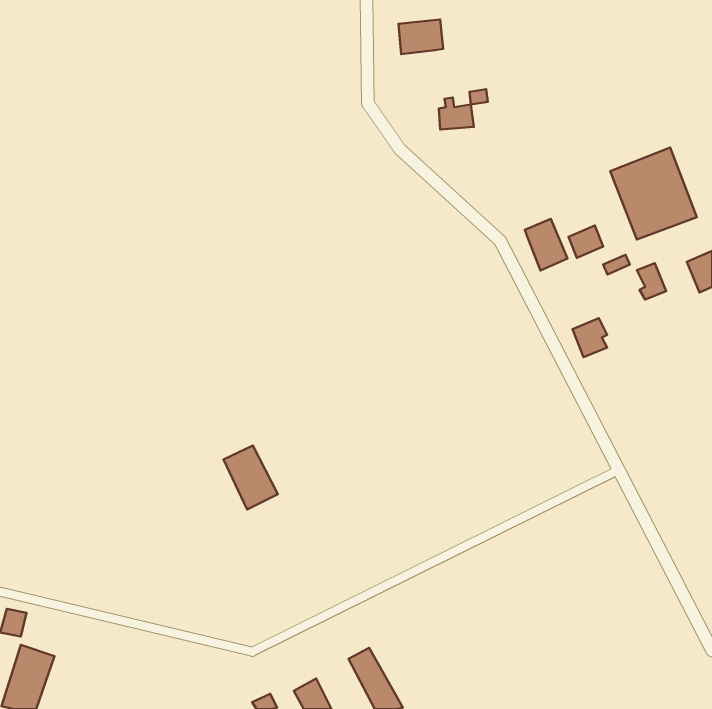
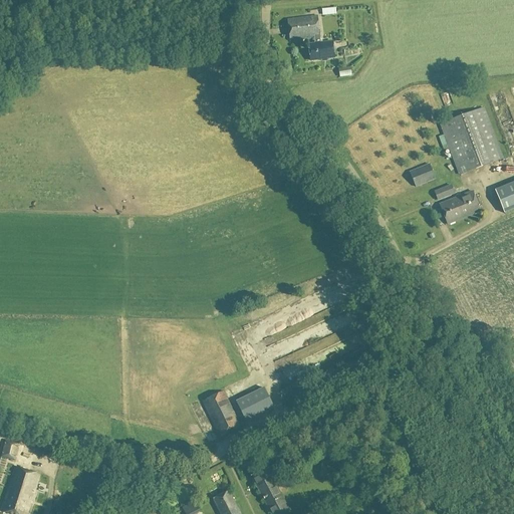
building: [439,98,474,130] -> [309,35,334,58]
building: [525,219,568,270] -> none
building: [572,318,607,357] -> [440,195,465,223]
building: [224,445,278,510] -> [202,390,241,436]
building: none -> [234,387,276,419]

